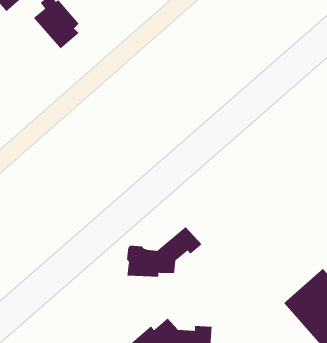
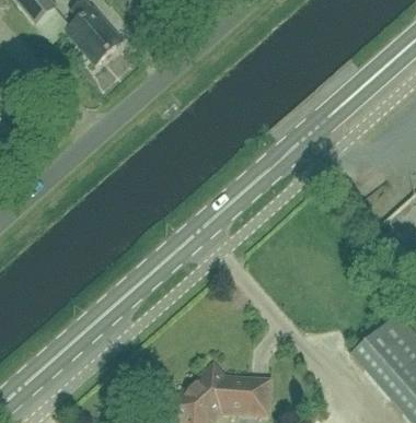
building: [126,226,203,277] -> none

